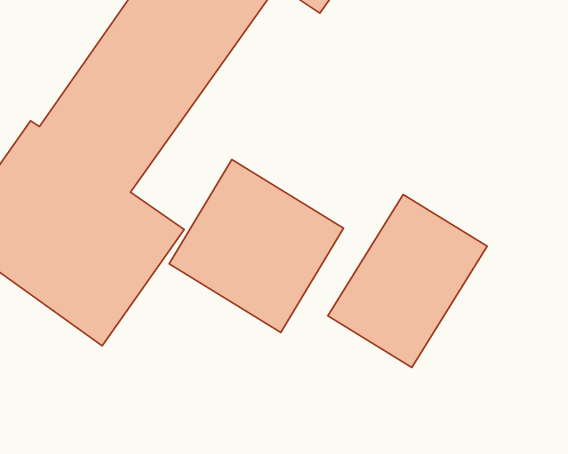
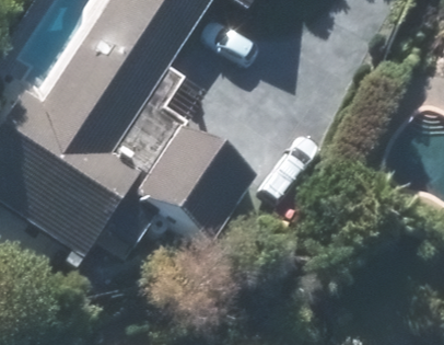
building: [328,195,487,367] -> none

